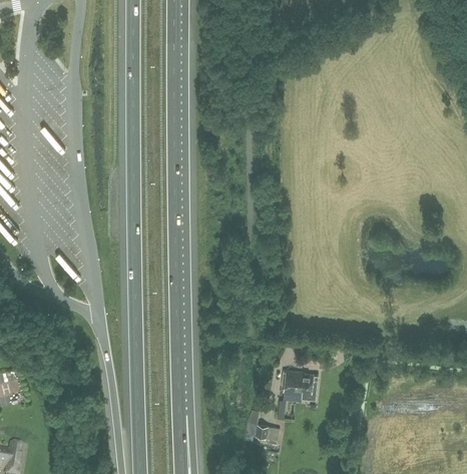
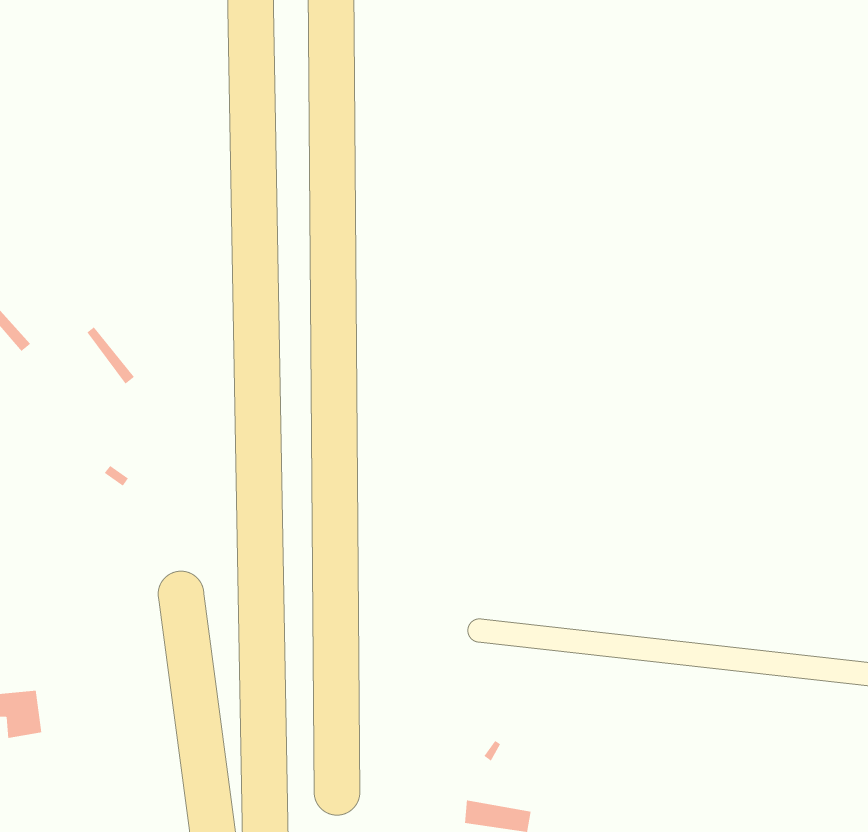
building: [281,371,310,394] -> none

